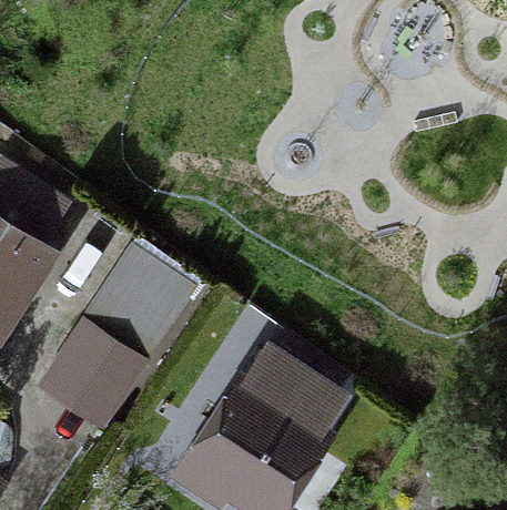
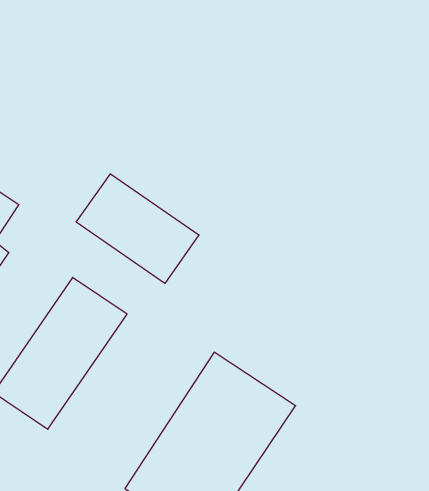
building: none -> [76,174,199,283]

